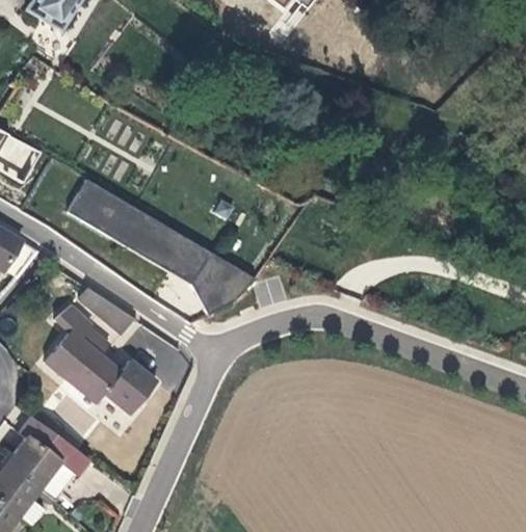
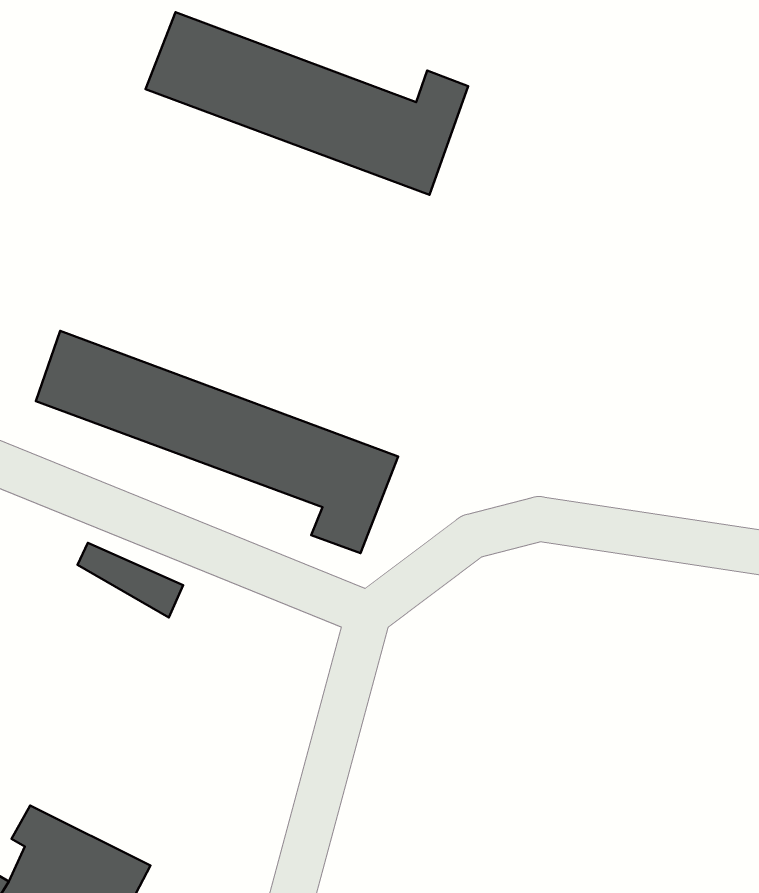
building: none -> [145,12,468,195]
building: [43,309,153,416] -> none

